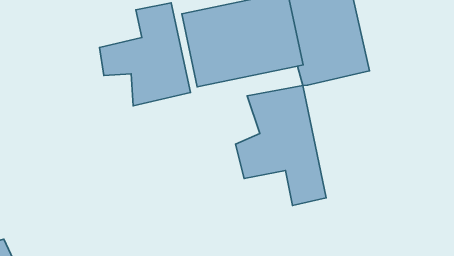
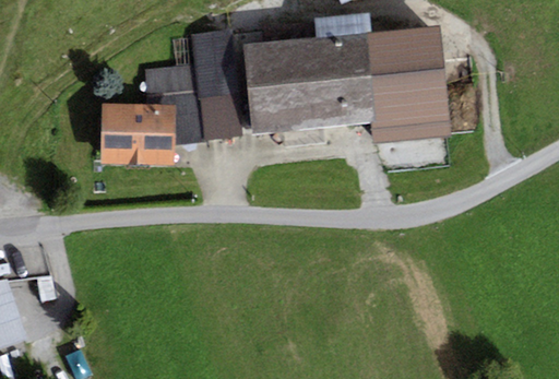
building: none -> [98,102,176,166]
building: [235,86,326,205] -> none

